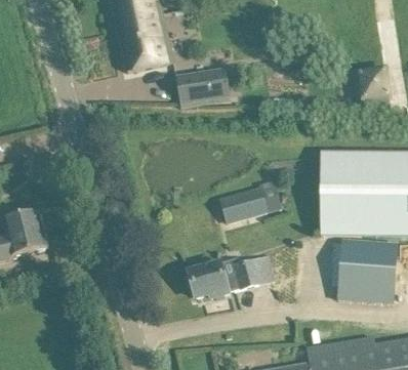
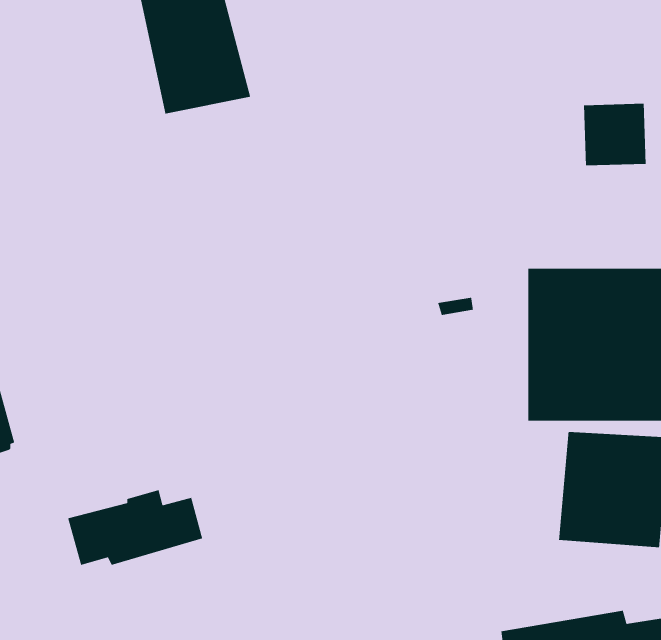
building: [176,69,231,102] -> none
building: [221,187,268,221] -> none
building: [189,255,261,296] -> [67,489,203,566]

